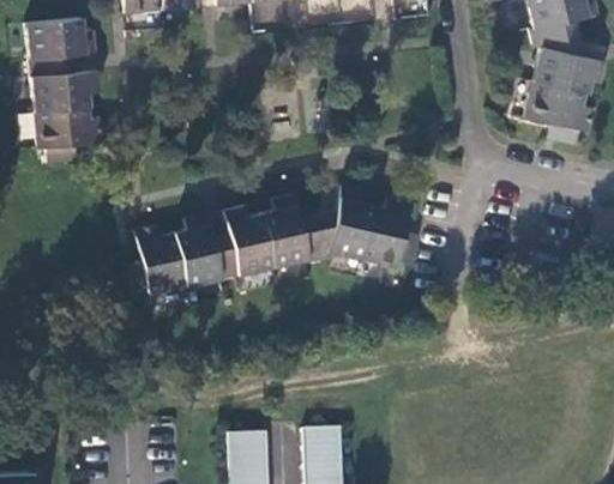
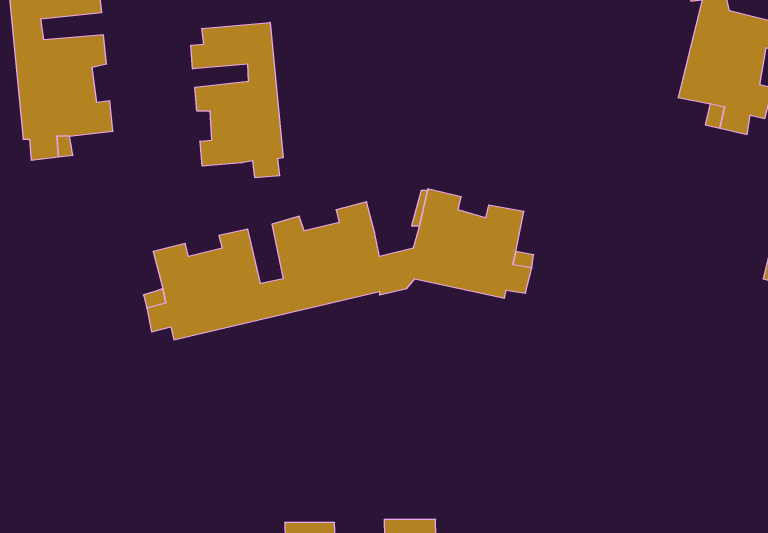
building: none -> [191,22,283,178]

